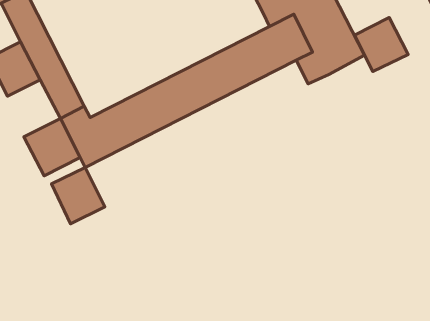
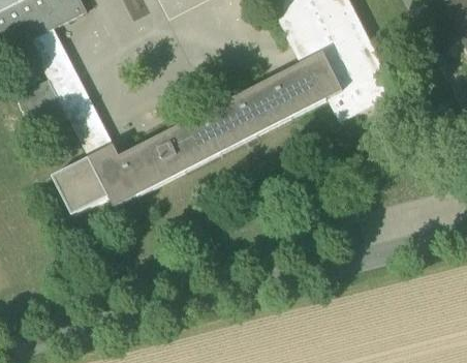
building: [355,18,408,72] -> none
building: [51,168,105,224] -> none

